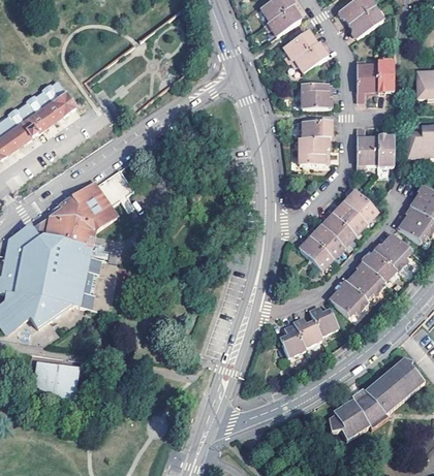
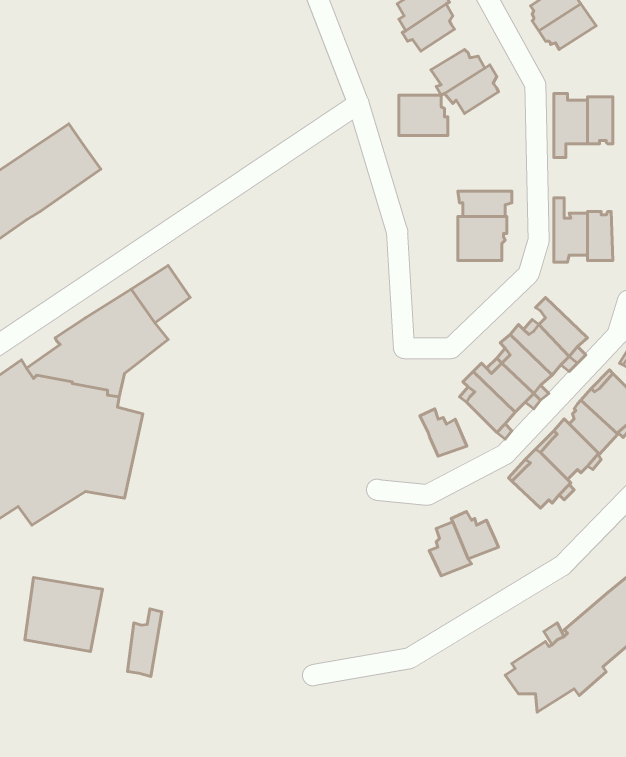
building: [302,83,332,107] -> [399,95,448,136]
building: [310,305,339,334] -> [420,409,467,456]
building: none -> [128,609,162,676]

